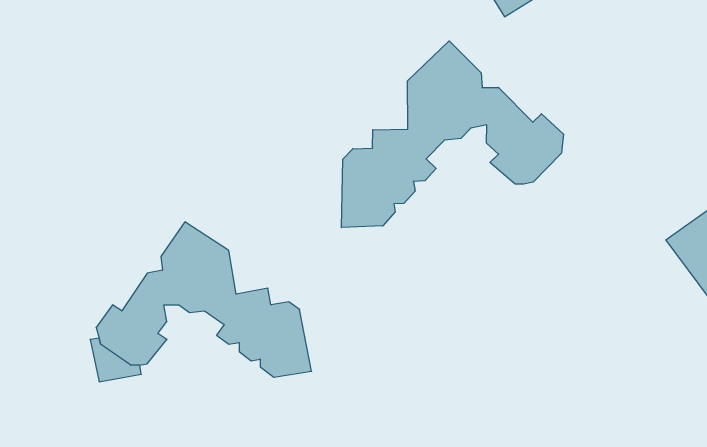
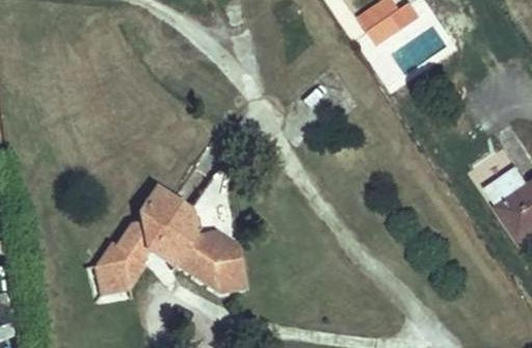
building: [341,41,563,228] -> none

